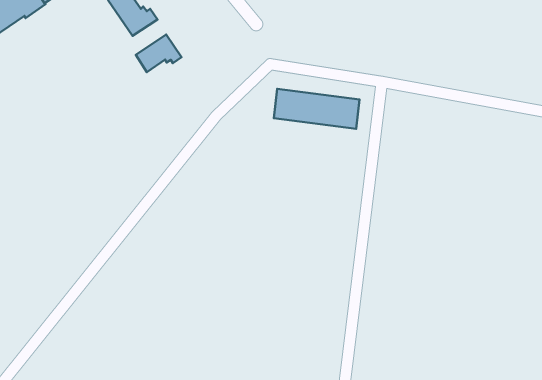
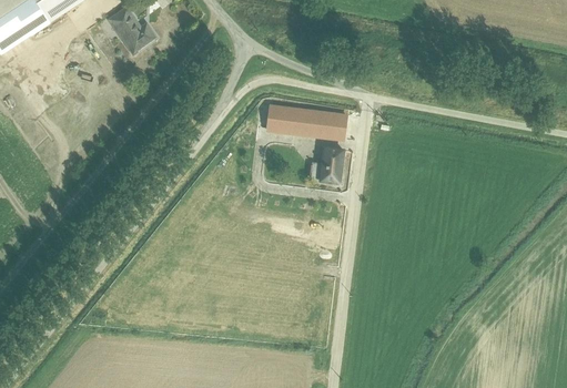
building: [136,35,182,72] -> none
building: none -> [310,145,346,184]

